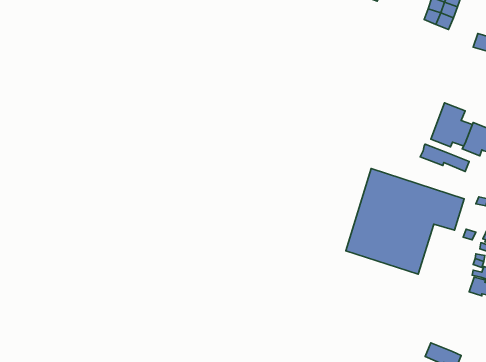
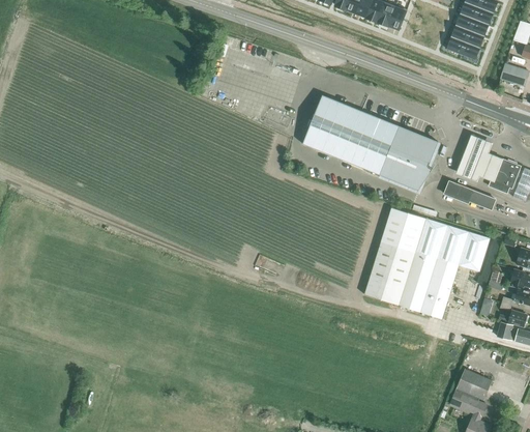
building: none -> [303,95,438,190]
building: none -> [455,368,492,400]

